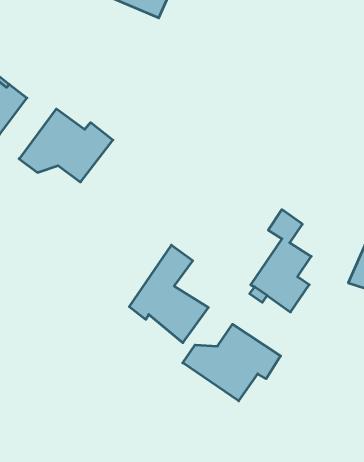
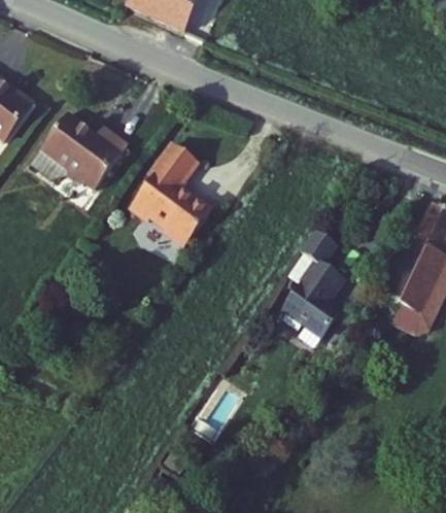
building: [129,245,208,343] -> [131,142,214,245]
building: [183,324,281,401] -> none

